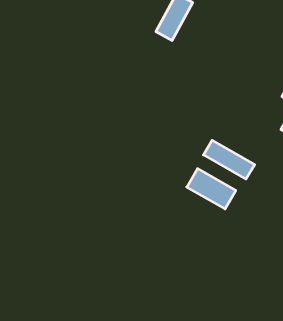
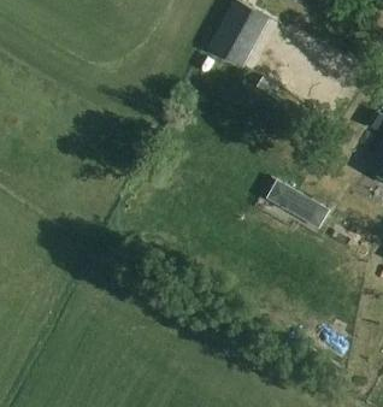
building: [187,169,236,209] -> none

